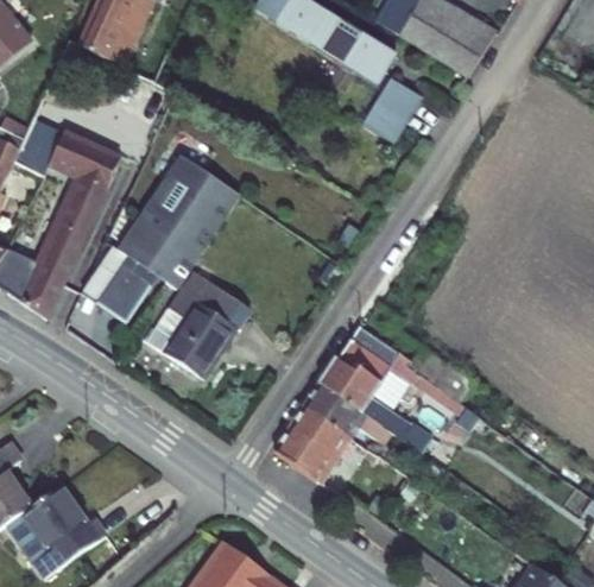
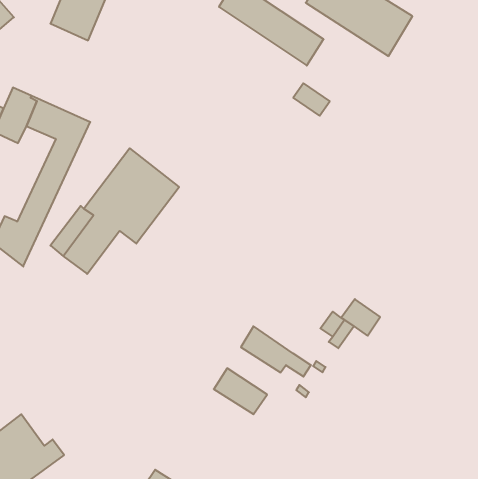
building: [371,77,419,126] -> none
building: [173,154,248,223] -> none
building: [143,276,253,386] -> none
building: [314,328,392,412] -> none
building: [284,405,345,459] -> none

